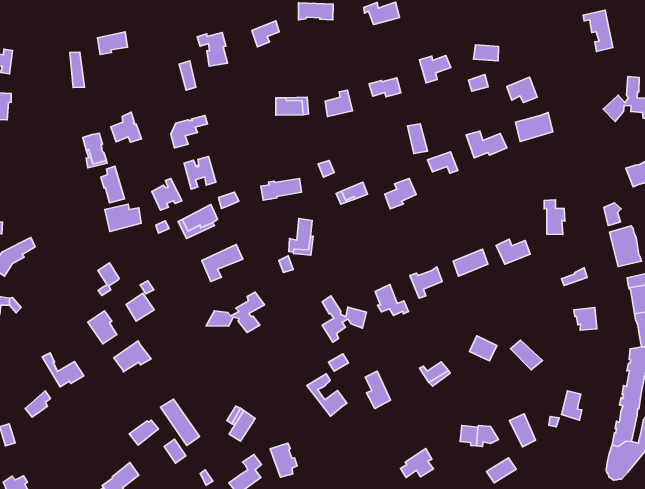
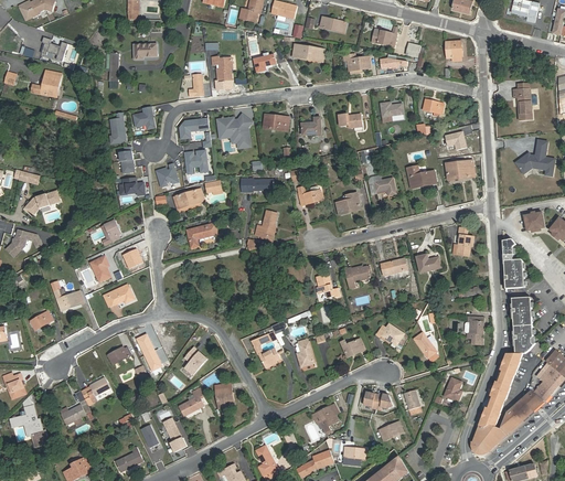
building: none -> [216,115,248,147]
building: [206,292,265,333] -> none
building: [322,296,366,342] -> none

